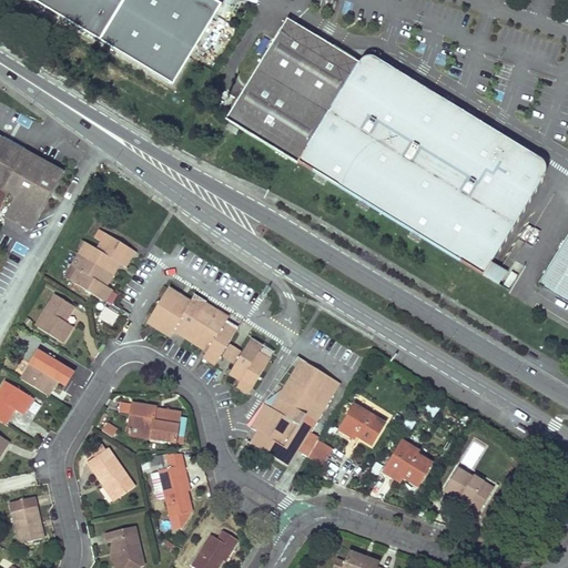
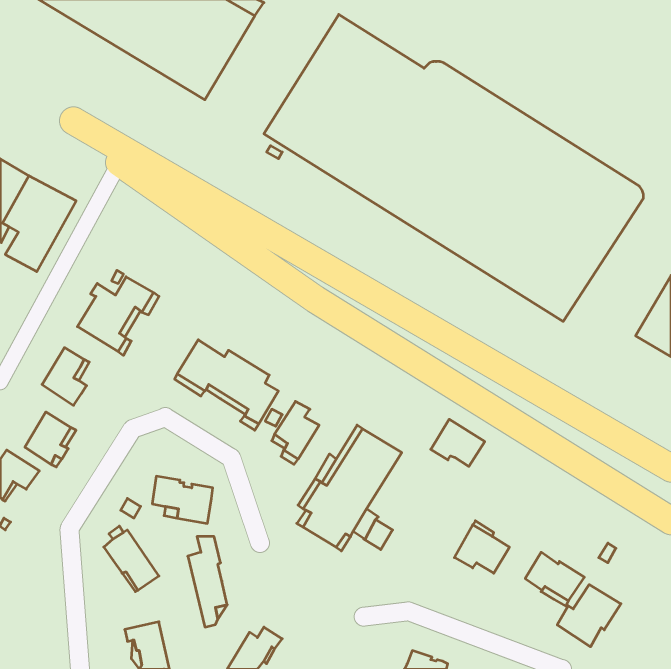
building: [338,404,384,444] -> [431,419,485,466]
building: none -> [557,585,621,647]
building: [9,496,44,544] -> none

